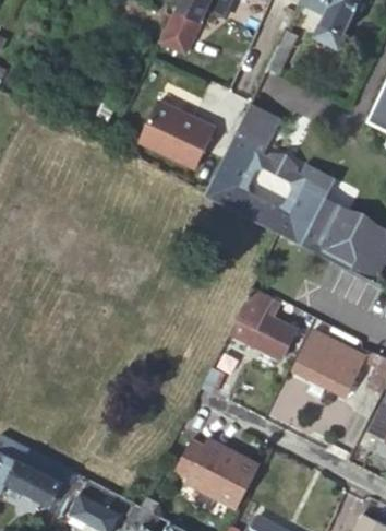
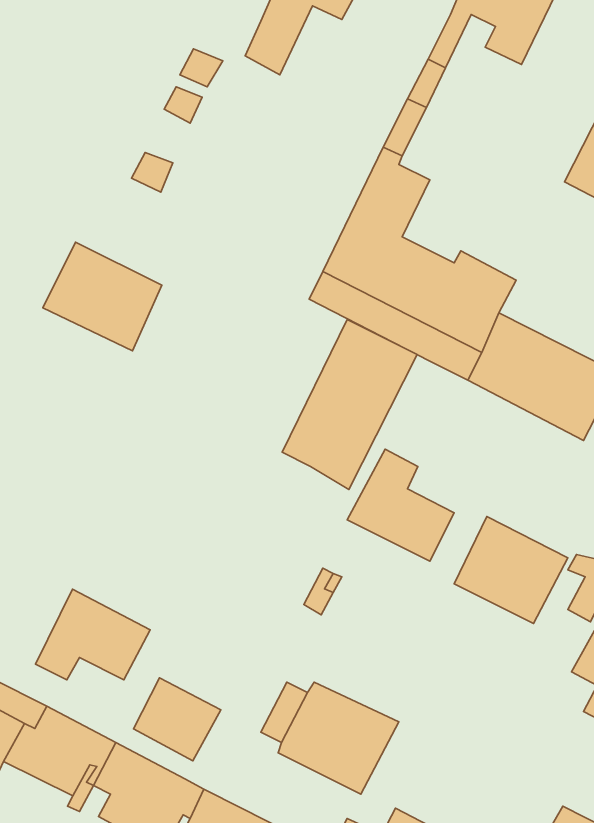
building: [137,101,213,169] -> [43,242,162,351]
building: none -> [282,320,417,489]
building: none -> [36,589,150,680]
building: none -> [133,678,221,761]

